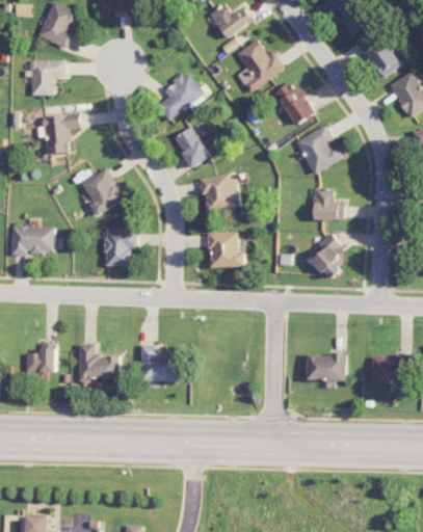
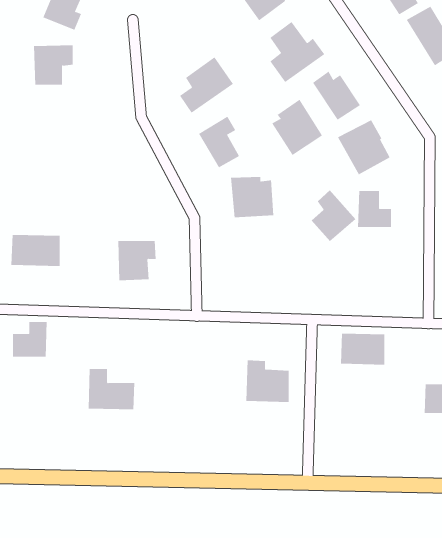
building: none -> [272,99,323,156]
building: [42,113,79,155] -> none
building: [80,168,125,217] -> none
building: [208,232,244,268] -> none
building: [312,234,351,280] -> [311,190,356,242]
building: [24,343,55,374] -> [12,321,48,357]
building: [139,345,178,382] -> [246,360,289,402]
building: [307,353,346,381] -> [340,333,385,365]

